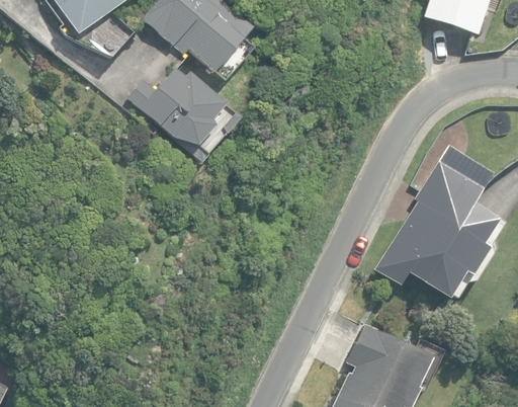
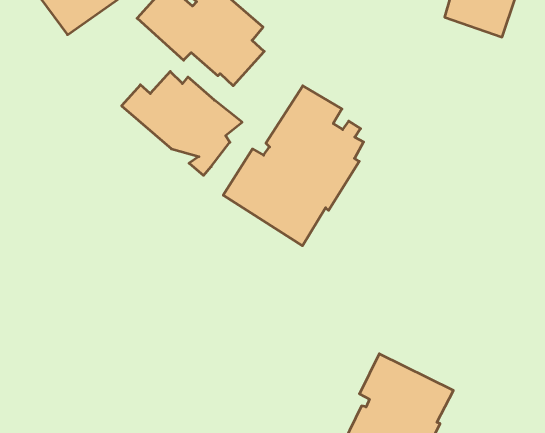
building: none -> [223,86,364,246]
building: [375,144,506,299] -> none

